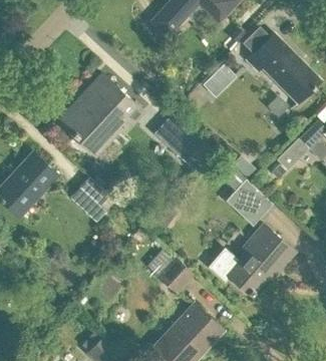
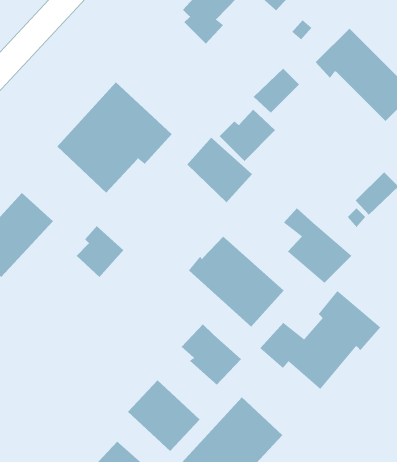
building: none -> [219,109,276,162]
building: none -> [188,236,284,328]
building: none -> [127,380,201,452]

